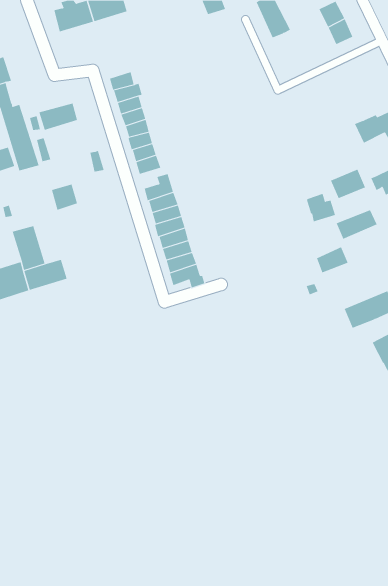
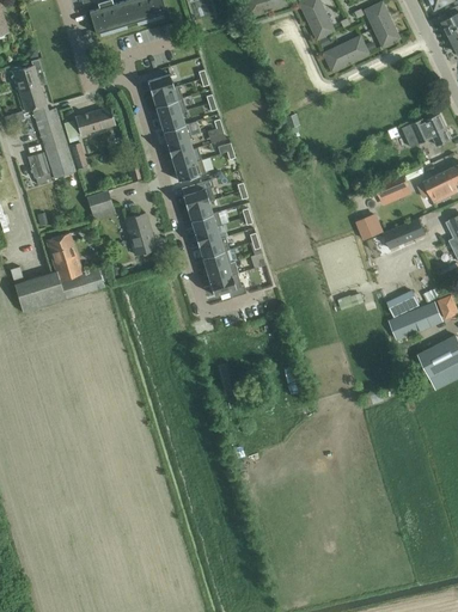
building: none -> [323,35,368,71]
building: none -> [126,213,155,255]
building: [316,247,349,273] -> [387,288,421,316]

